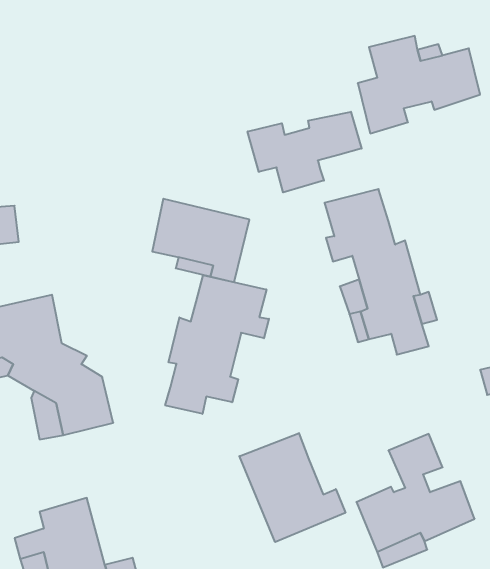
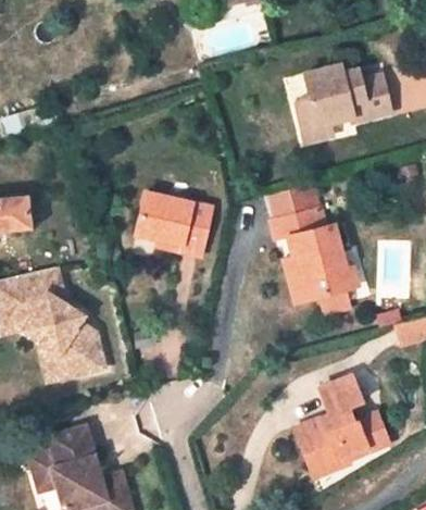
building: [248,112,362,192] -> none
building: [165,275,269,414] -> none
building: [239,433,345,542] -> none

